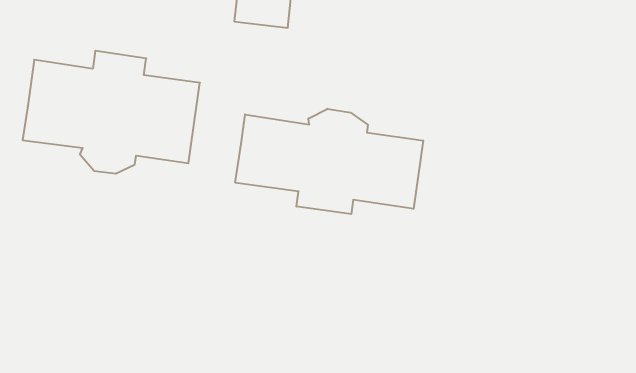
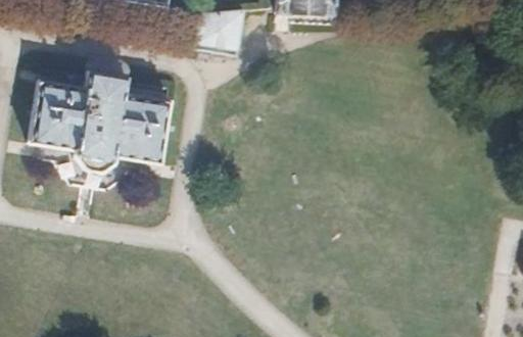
building: [235,109,423,214] -> none

